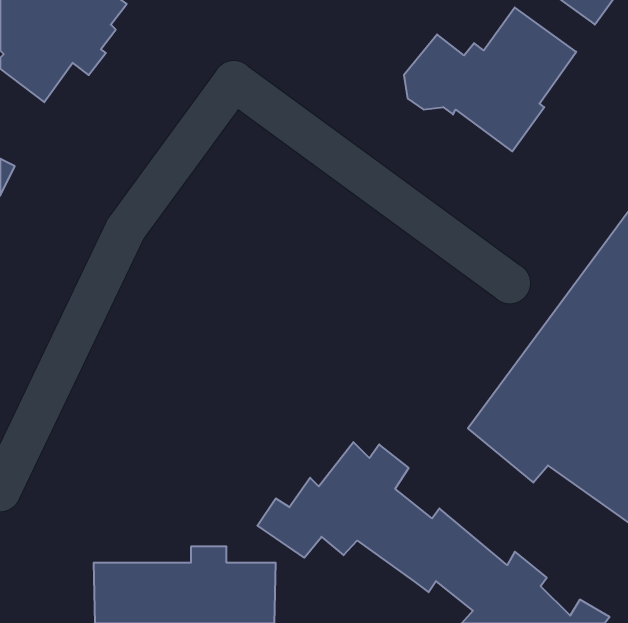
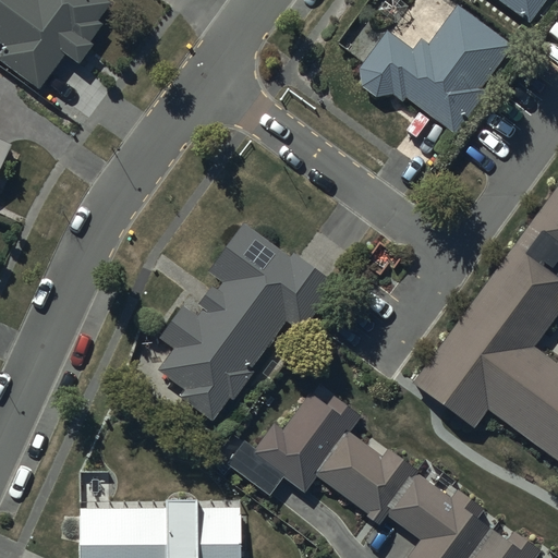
building: none -> [159,226,336,420]

